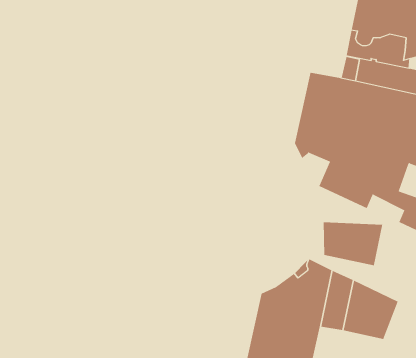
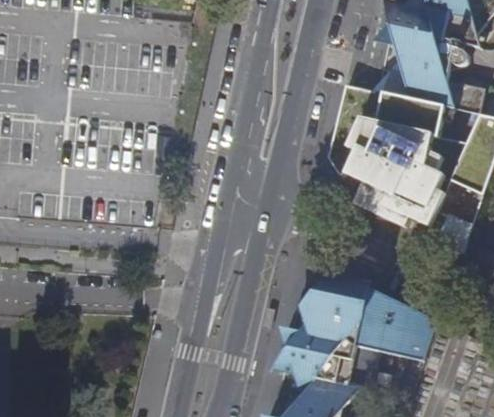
building: [323,222,383,266] -> none

